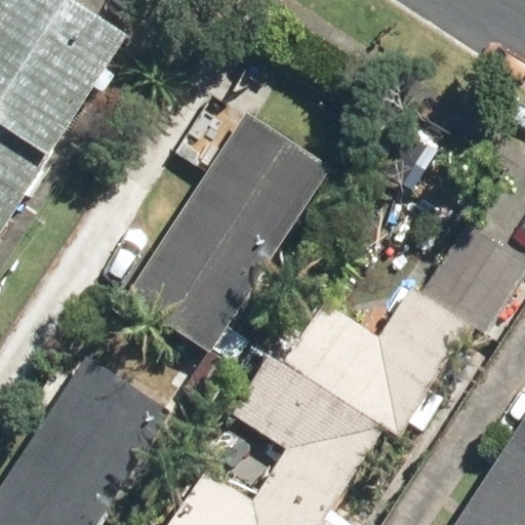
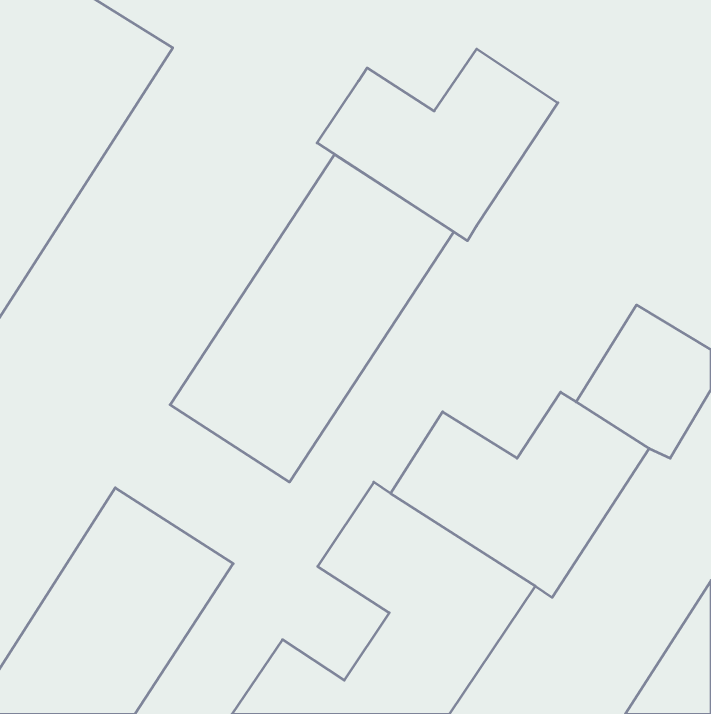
building: none -> [317,49,558,241]

